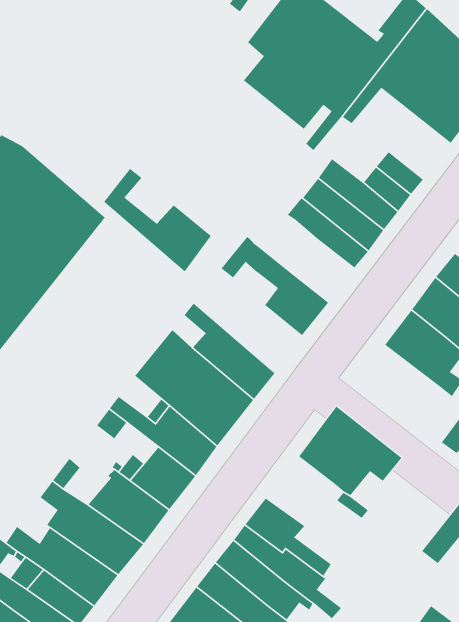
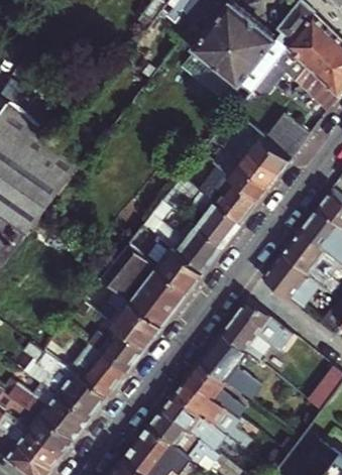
building: [103,168,212,272] -> [145,199,223,273]
building: none -> [199,164,260,223]
building: none -> [263,253,320,307]
building: none -> [197,333,259,401]

